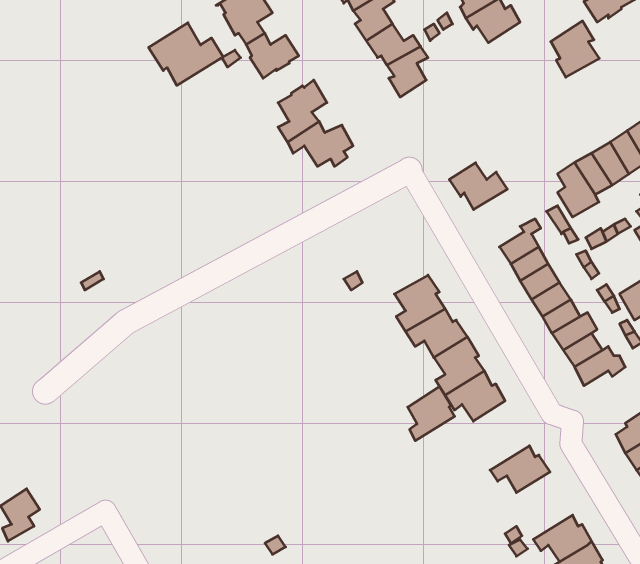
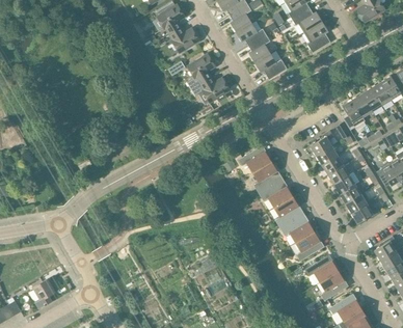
building: [551,21,599,77] -> [304,22,331,53]
building: [149,23,223,85] -> none
building: [449,163,507,210] -> [256,54,288,80]
building: none -> [239,146,271,172]
building: [408,386,455,441] -> [296,231,322,262]
building: none -> [320,271,346,301]

